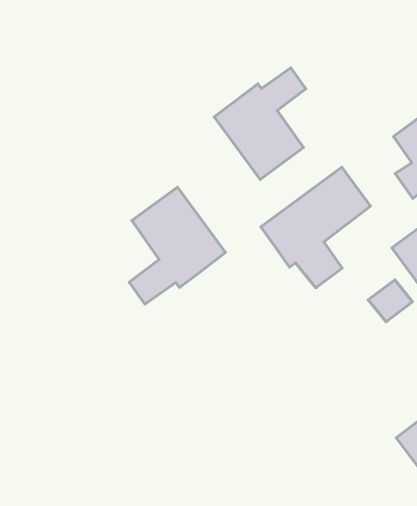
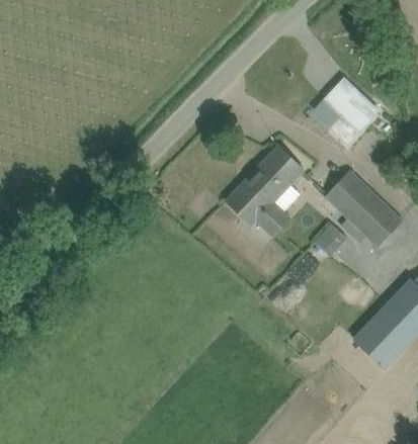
building: [214,68,306,179] -> none
building: [129,187,226,304] -> none

